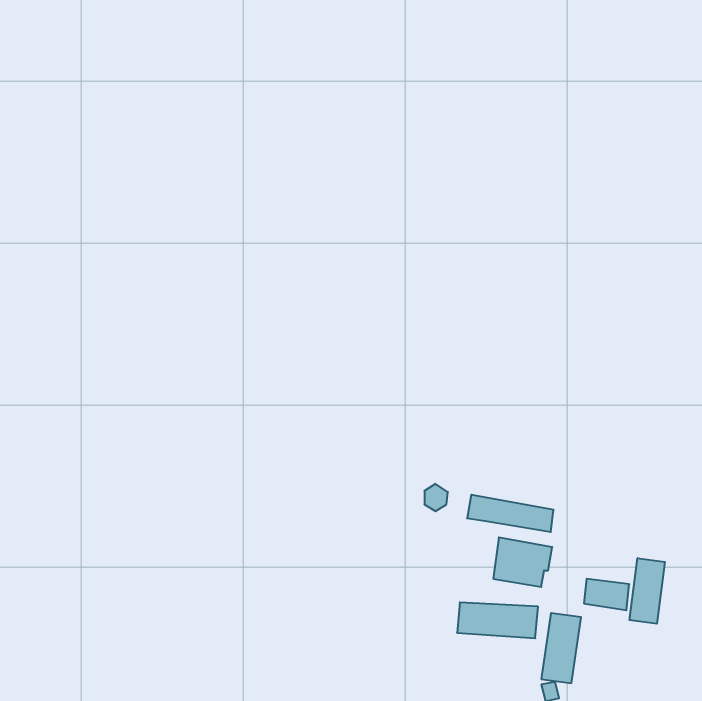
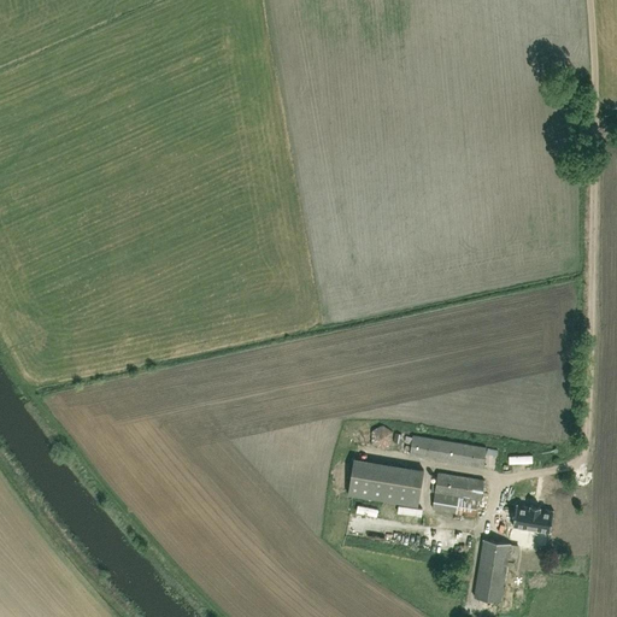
building: [630,558,665,624] -> none
building: [457,602,538,638] -> [348,466,419,498]

